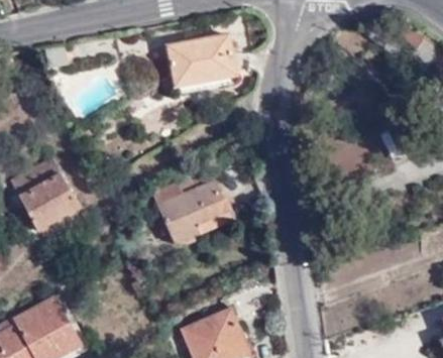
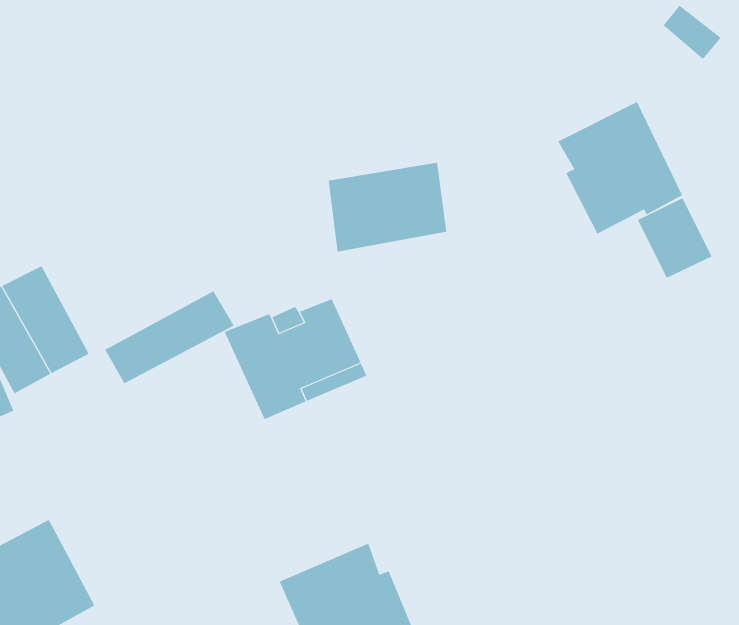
building: [168,37,233,87] -> [328,162,447,252]
building: none -> [558,101,683,234]
building: none -> [105,291,235,384]

